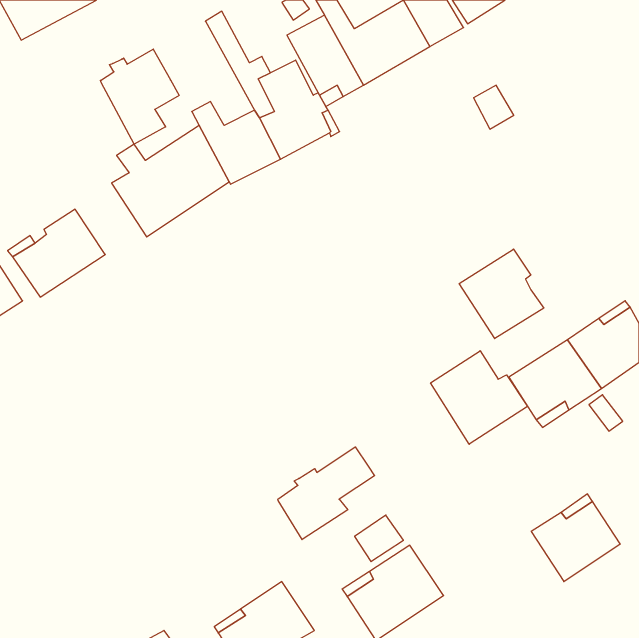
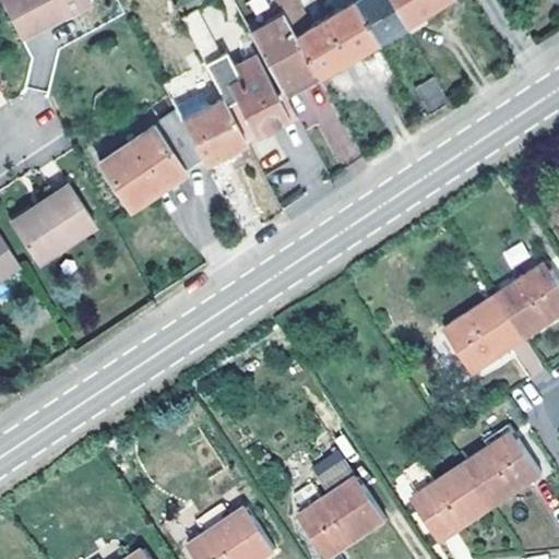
building: [100,49,179,144] -> none
building: [459,249,544,339] -> none
building: [431,351,528,444] -> none
building: [278,447,375,540] -> none
building: none -> [396,463,491,544]

